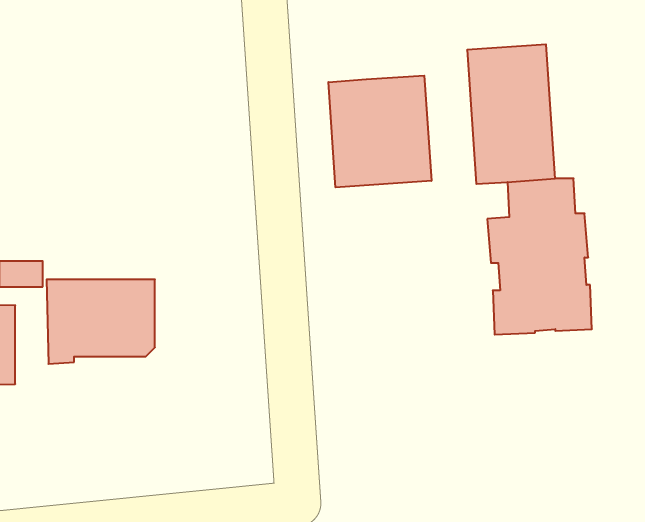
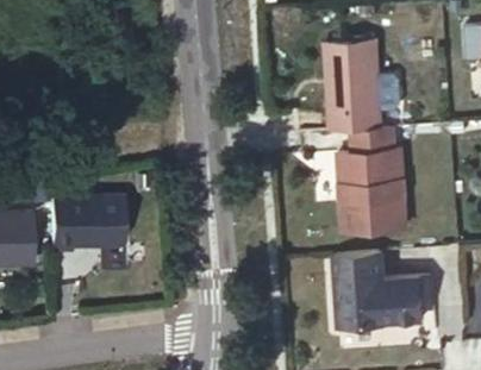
building: [328,76,431,187] -> none
building: none -> [333,252,421,326]

